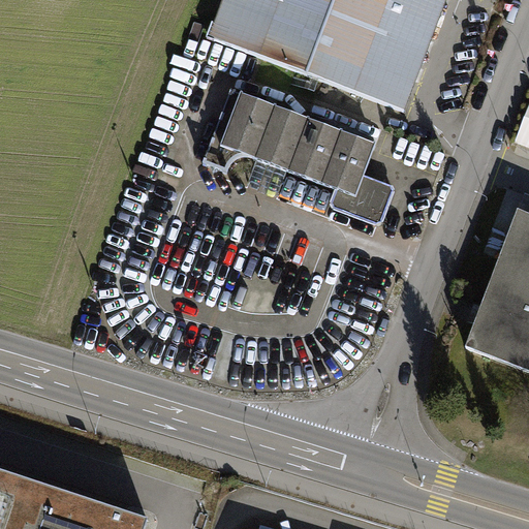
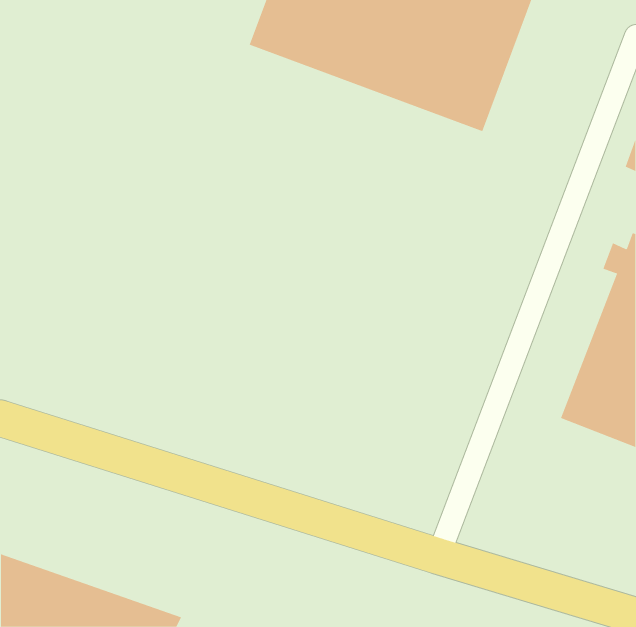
building: [203,91,395,225] -> none

